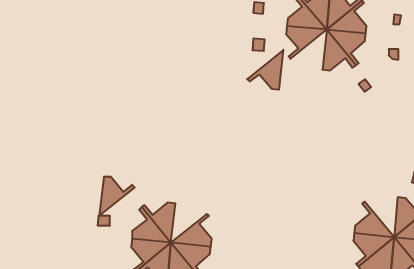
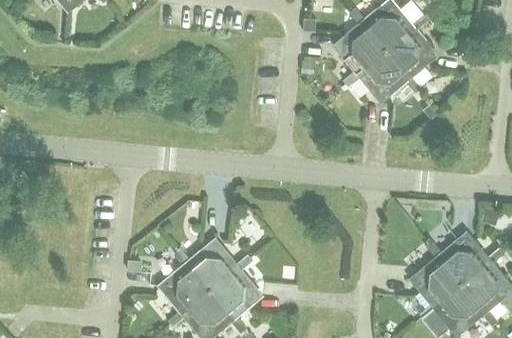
building: [247,50,283,90] -> [345,49,386,94]
building: [99,177,135,216] -> [210,245,250,289]
building: none -> [429,237,466,283]

